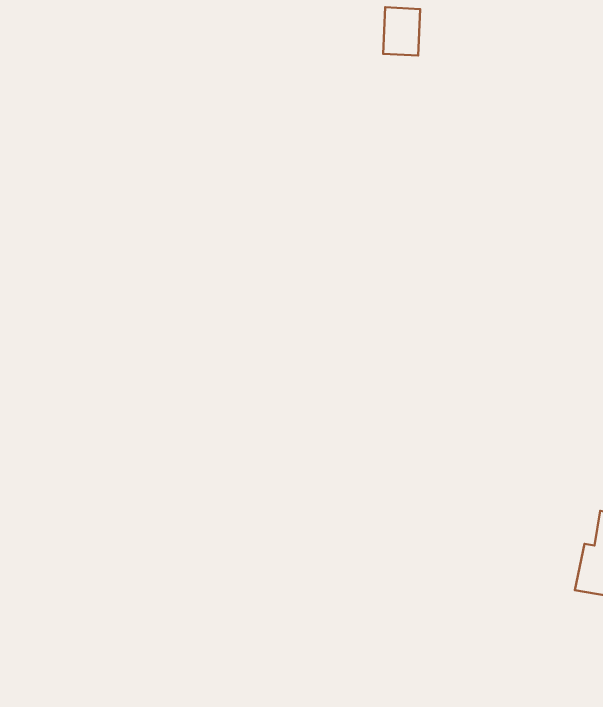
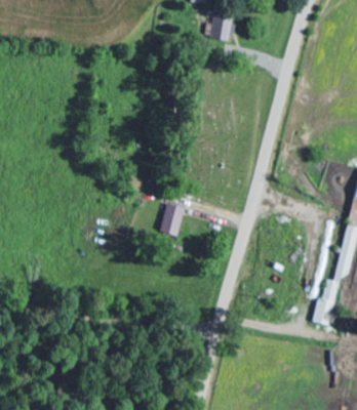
building: none -> [159,204,184,237]

